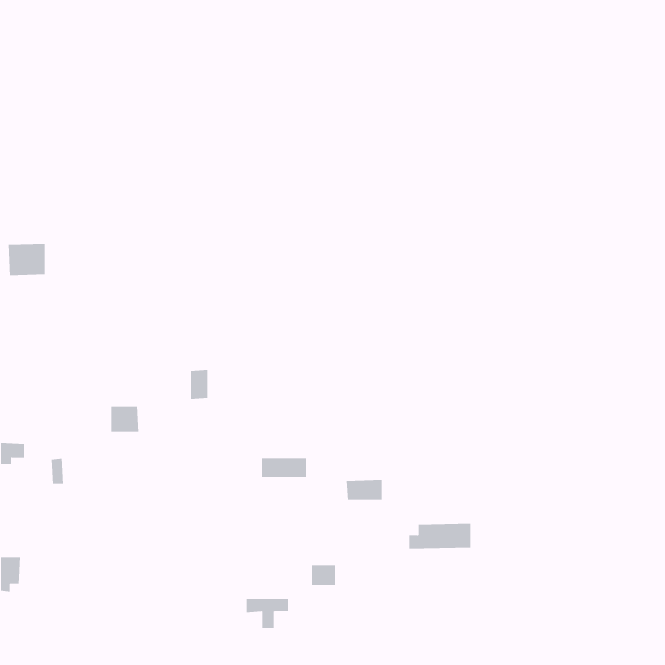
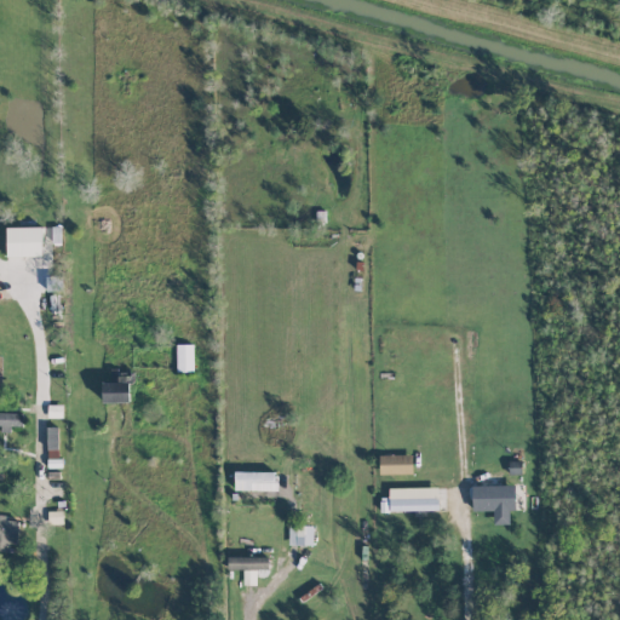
building: [261,458,307,477] -> [235,472,277,490]
building: [346,479,382,500] -> [379,454,413,473]
building: none -> [472,484,517,524]

